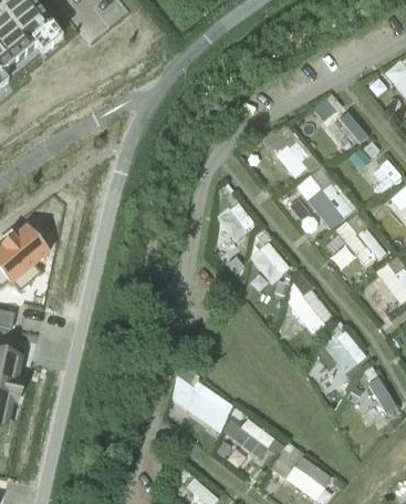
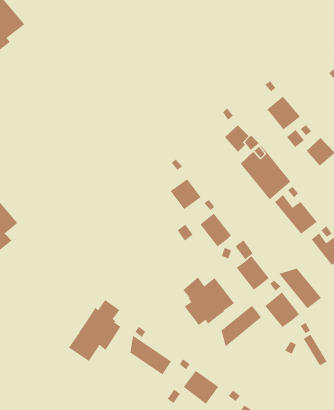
building: none -> [279,268,322,309]
building: none -> [183,277,235,326]
building: none -> [68,299,121,362]
building: none -> [221,305,262,347]

